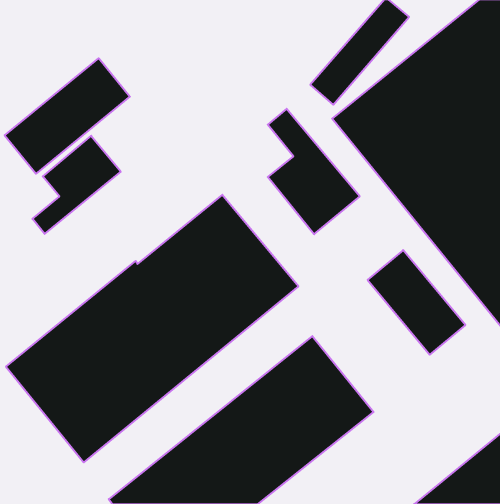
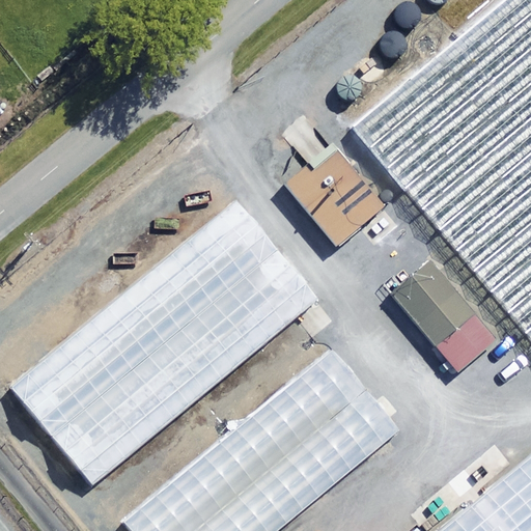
building: [5,58,130,174] -> none
building: [32,136,121,234] -> none

